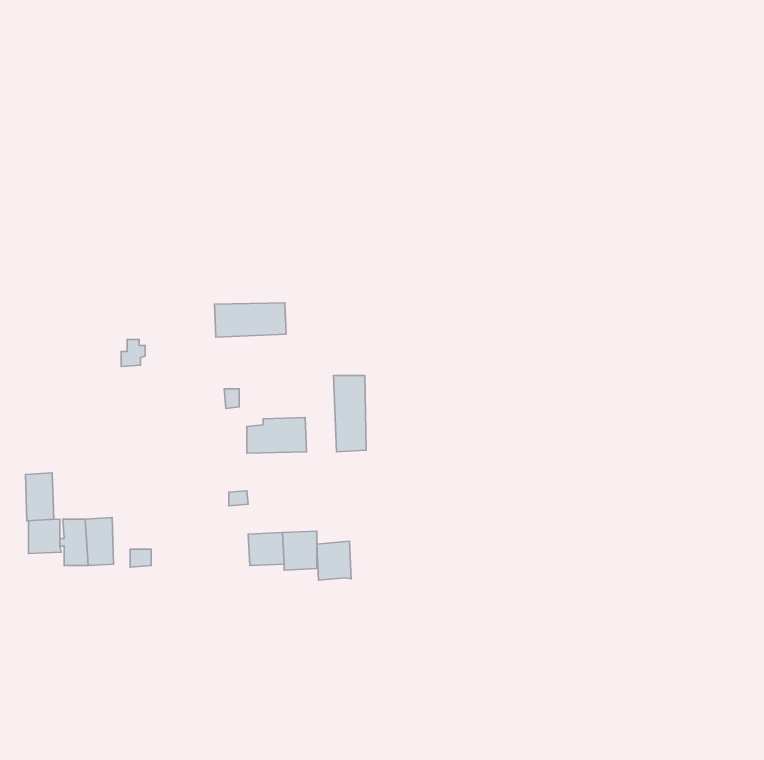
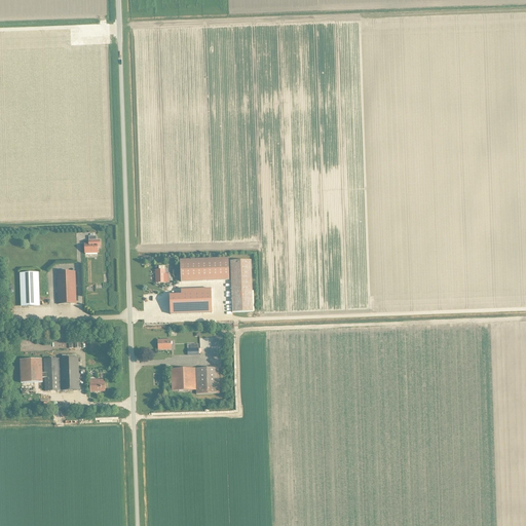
building: [214,303,286,337] -> [179,259,228,283]
building: none -> [55,269,75,302]
building: [25,473,54,521] -> [20,270,39,303]
building: [317,541,351,580] -> none

